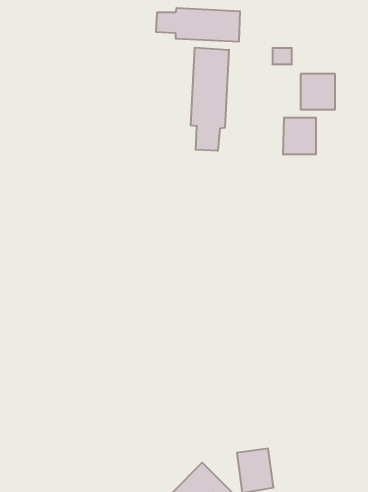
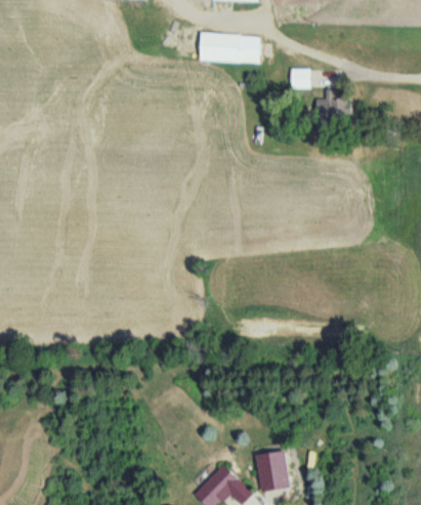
building: [191,48,229,151] -> none
building: [283,118,316,155] -> none

